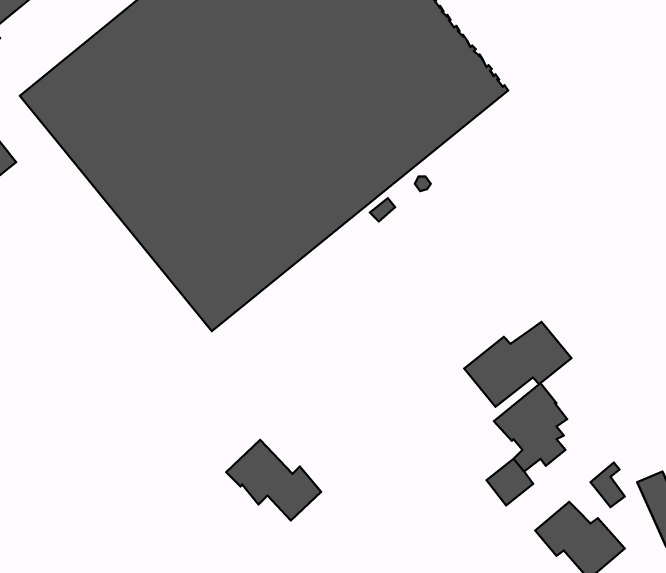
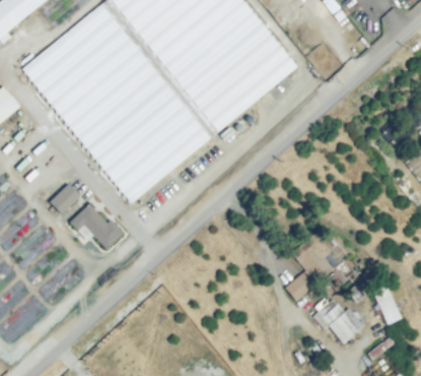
building: none -> [50,183,80,213]
building: [464,322,571,407] -> none
building: [226,440,321,521] -> [70,203,124,249]

